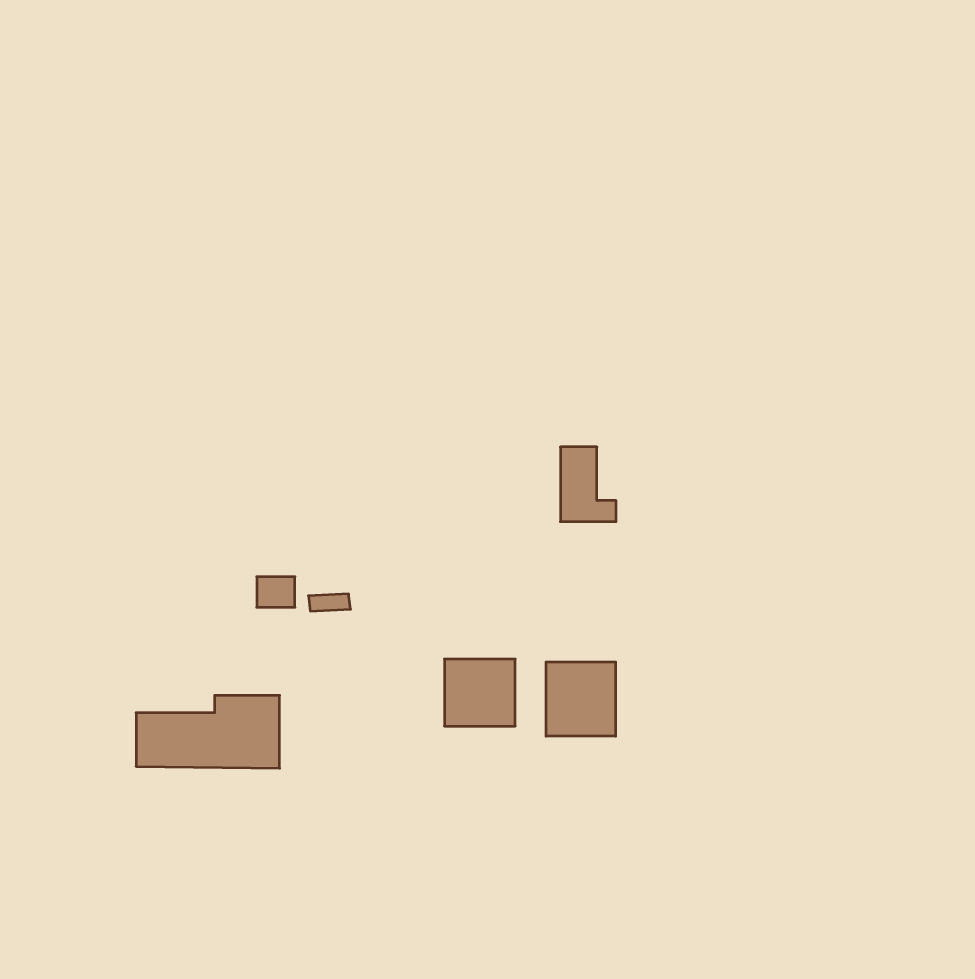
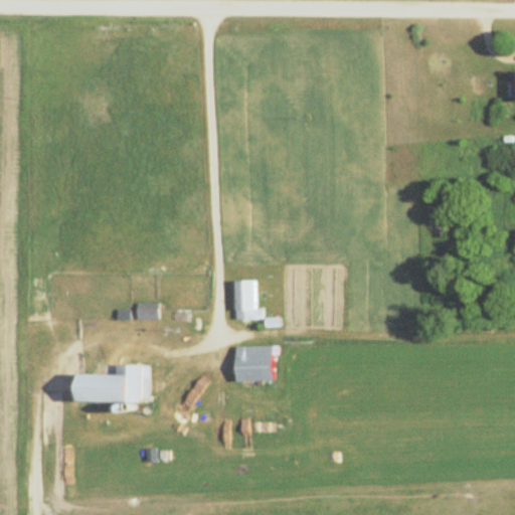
building: [560,447,616,522] -> [234,281,264,320]
building: [546,662,616,736] -> none

